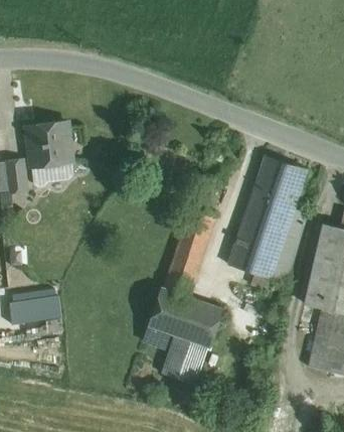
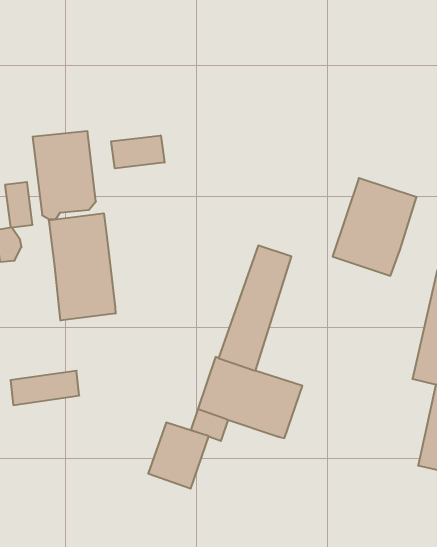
building: none -> [111,135,165,168]
building: none -> [49,213,116,321]
building: [228,208,307,284] -> none
building: [162,335,206,384] -> [148,423,209,489]

